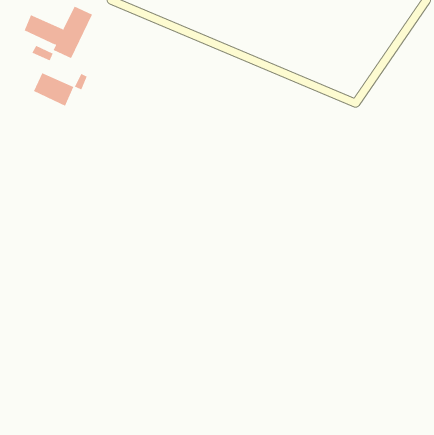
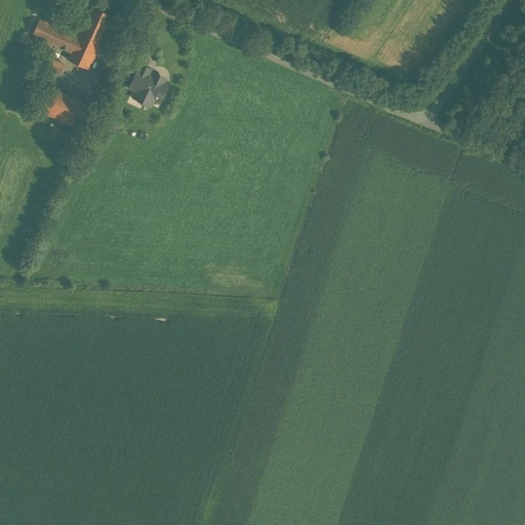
building: none -> [126,63,171,107]

